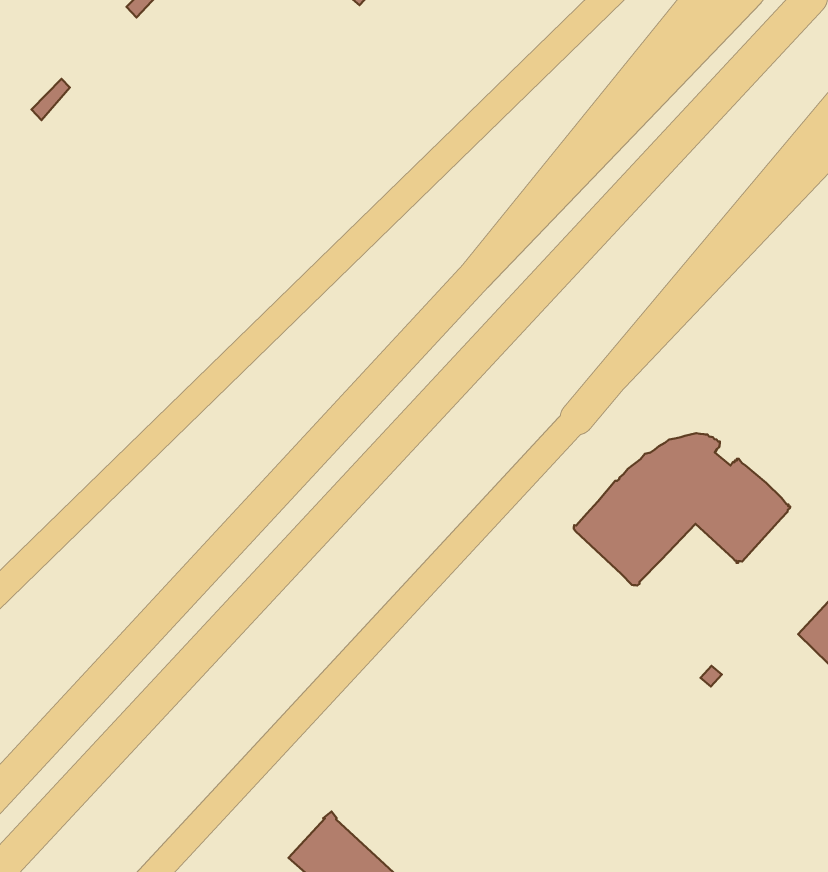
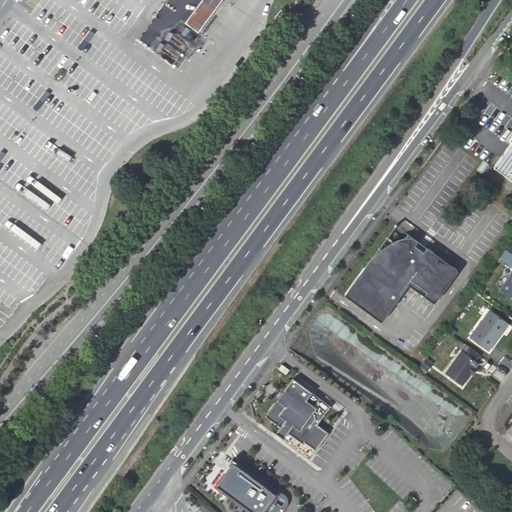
building: none -> [445,344,480,385]
building: none -> [265,379,331,450]

